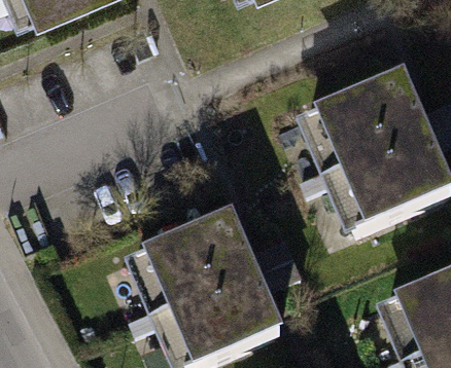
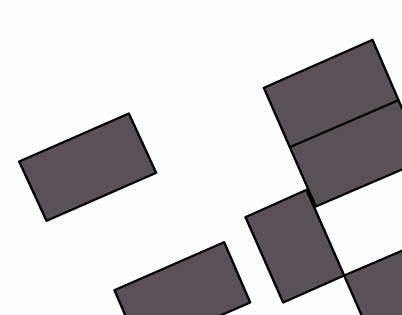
building: [125,207,259,312] -> [19,114,156,221]
building: none -> [246,190,344,303]

